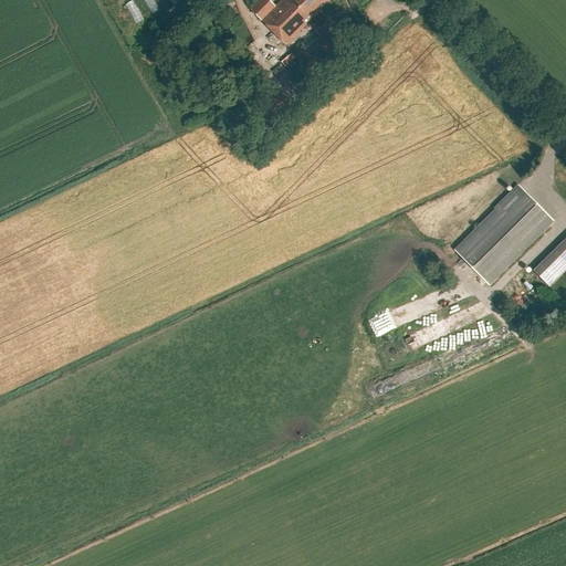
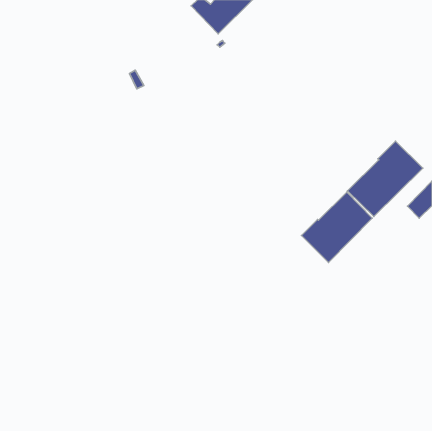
building: none -> [302,192,372,263]

